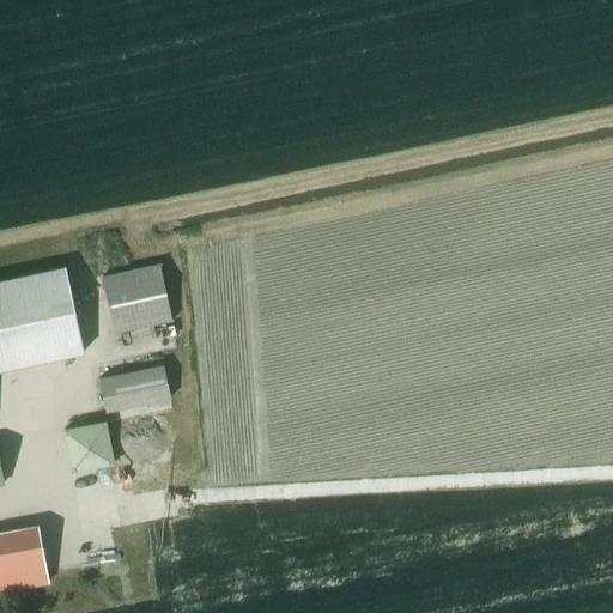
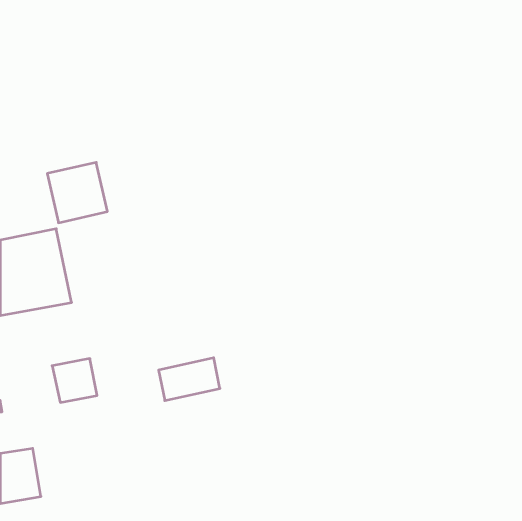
building: [101,263,171,334] -> [47,162,107,223]
building: [98,364,170,414] -> [159,358,220,401]

